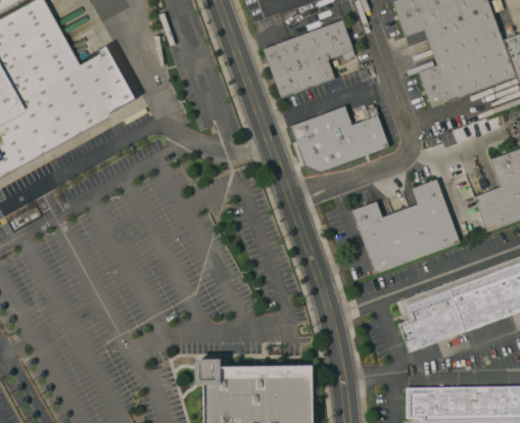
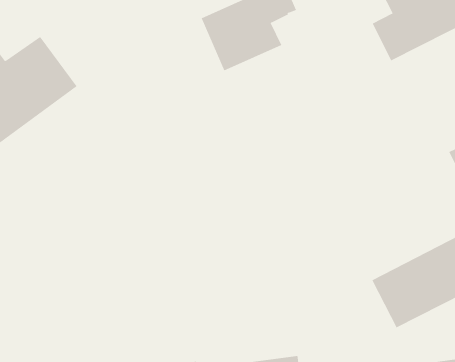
building: [290,107,387,174] -> none
building: [353,181,462,274] -> none

